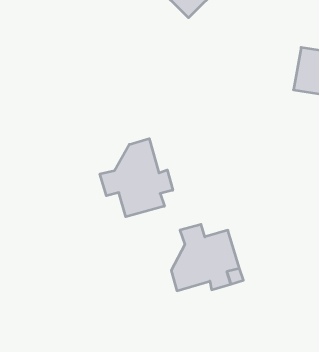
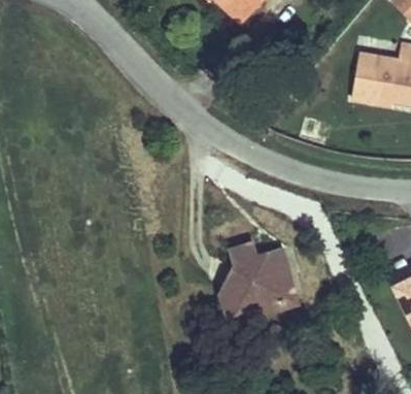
building: [100,139,173,217] -> none

